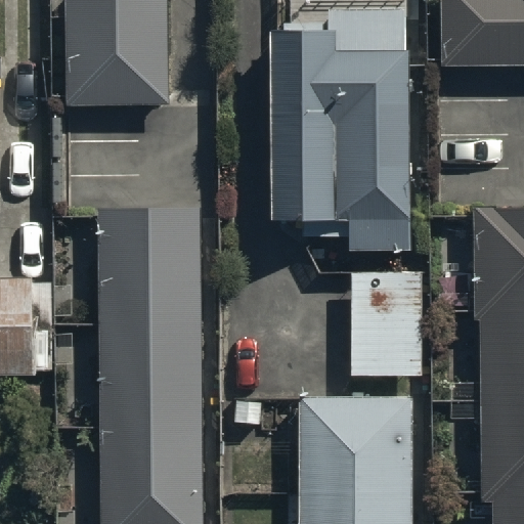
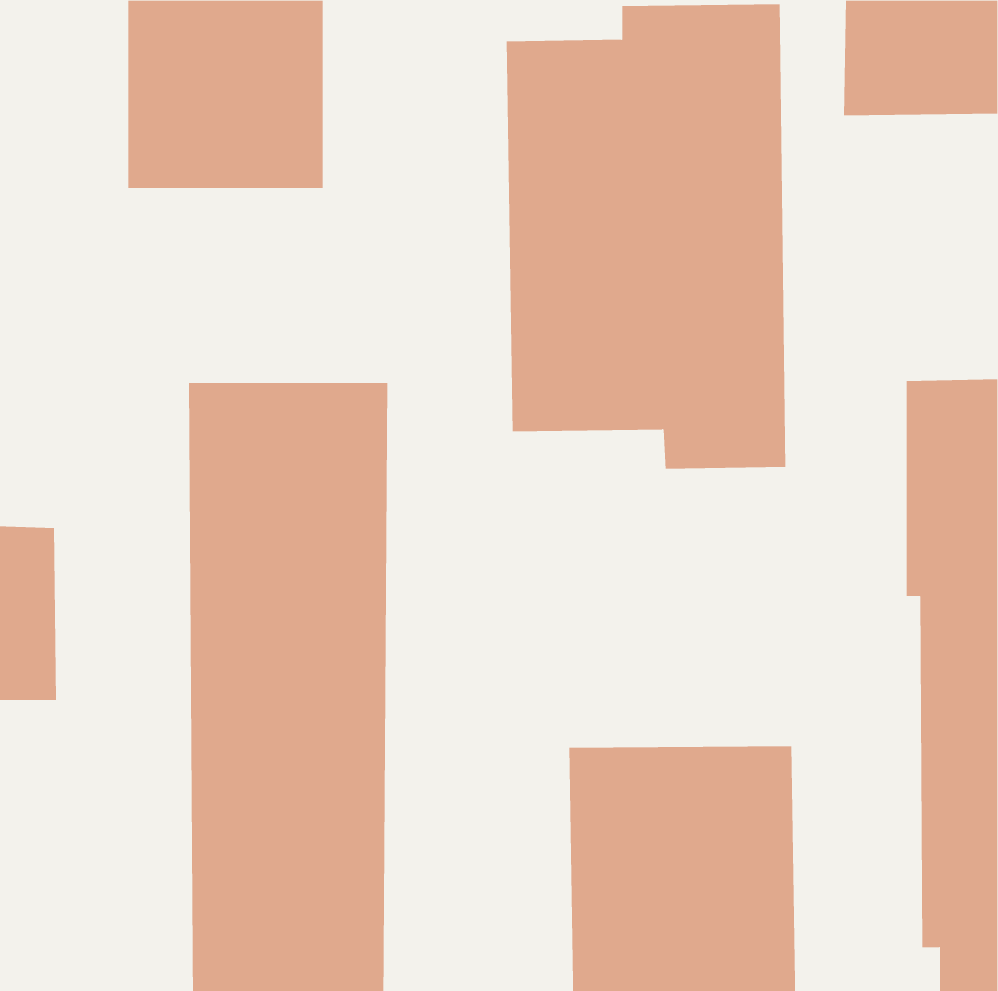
building: [347,272,421,375] -> none

